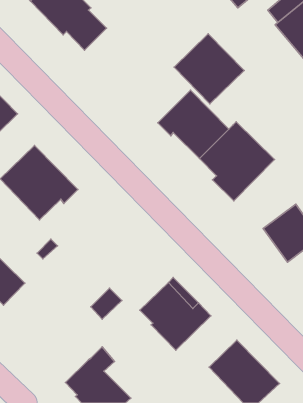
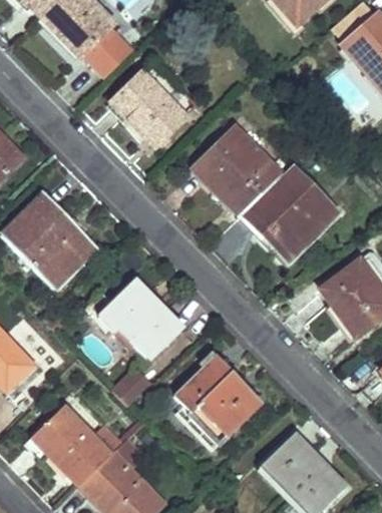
building: [174,34,244,104] -> [111,59,198,145]
building: none -> [98,281,181,360]
building: none -> [31,408,110,488]

